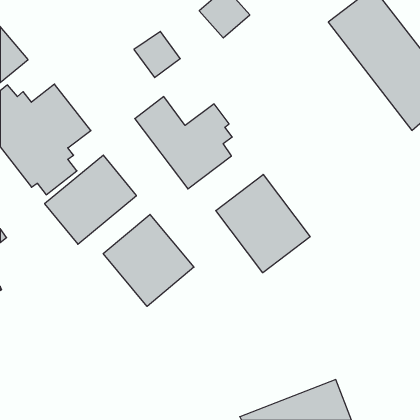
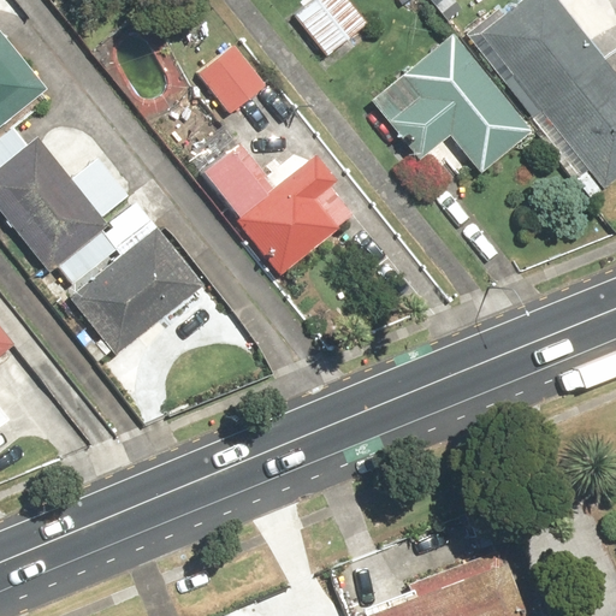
building: none -> [369,36,531,174]
building: [216,174,310,273] -> none
building: [103,214,194,306] -> none

